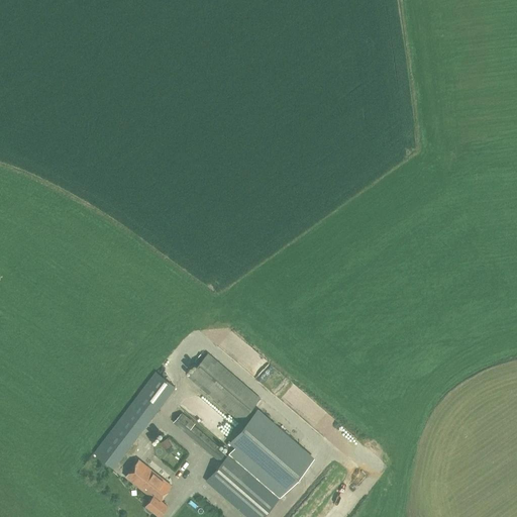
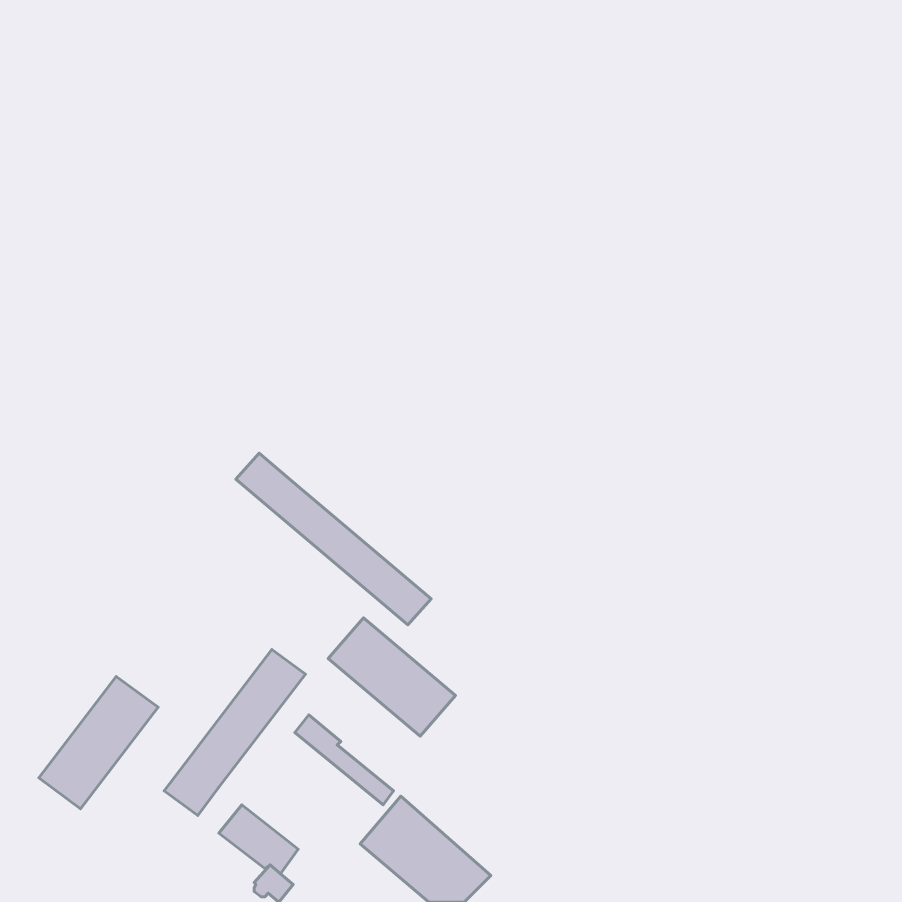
building: none -> [236,453,431,625]
building: none -> [39,676,158,809]
building: [229,411,316,501] -> none

